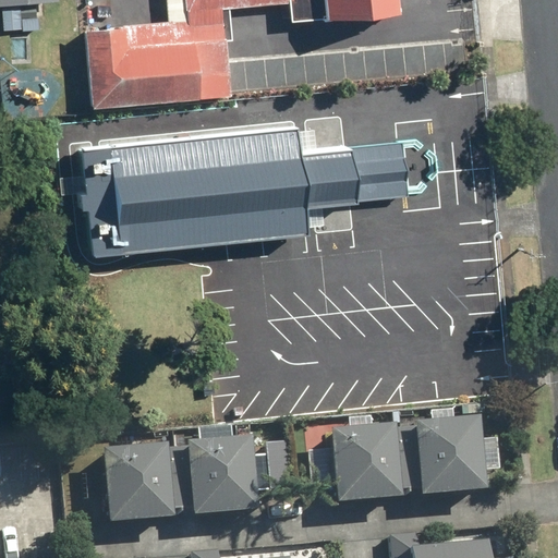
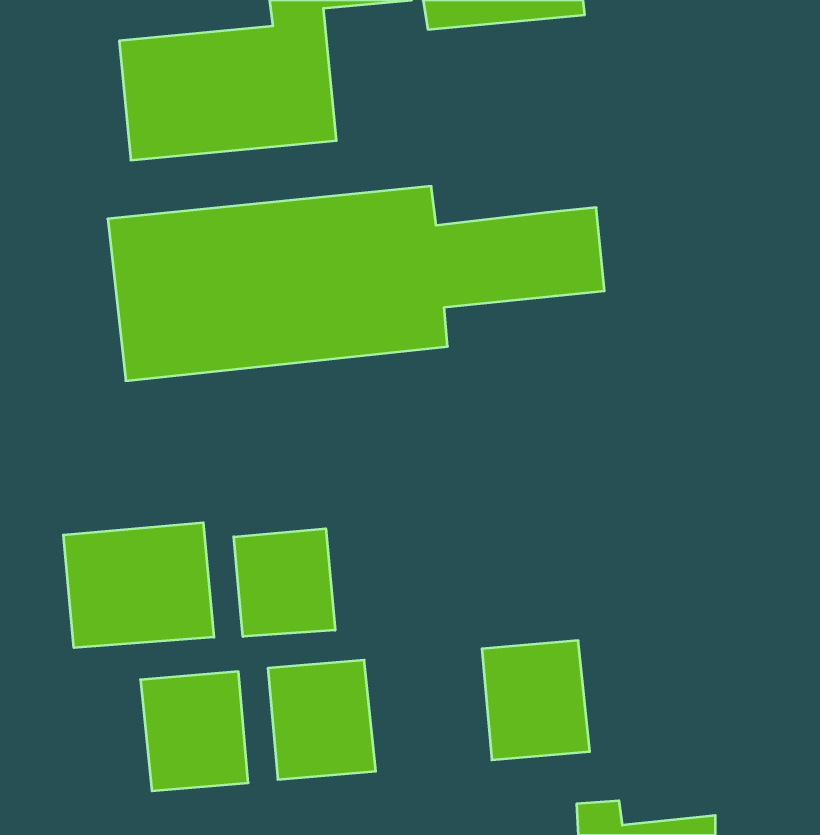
building: none -> [63,523,214,648]
building: none -> [234,529,335,637]
building: [416,420,488,500] -> none

